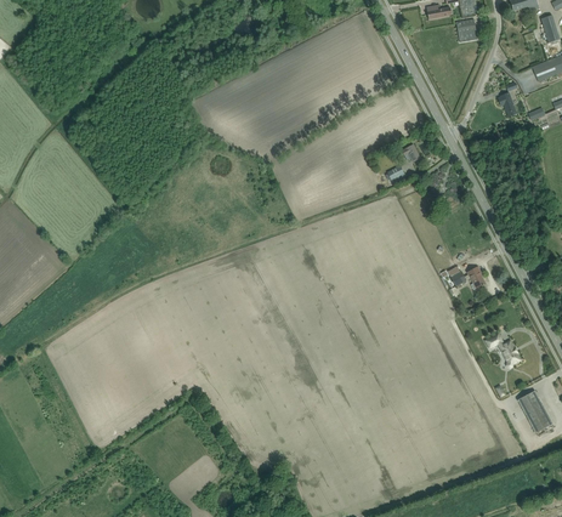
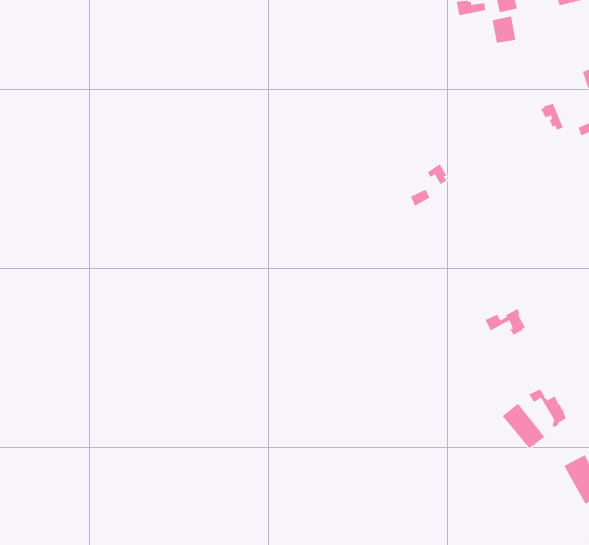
building: none -> [502,403,545,449]

